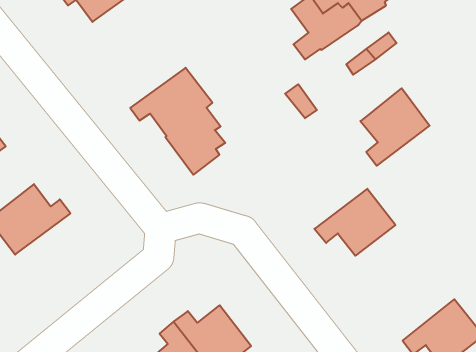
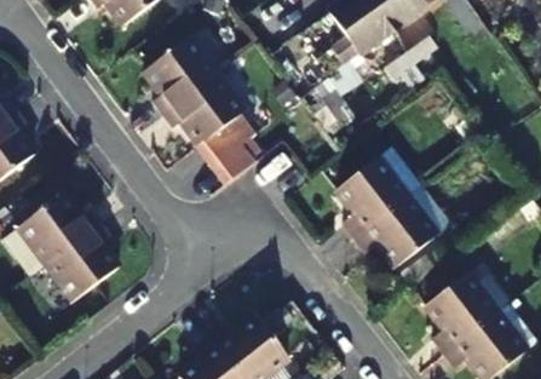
building: none -> [143,38,218,116]
building: [360,88,430,166] -> [334,161,405,241]
building: none -> [42,225,116,304]
building: none -> [424,276,495,356]

